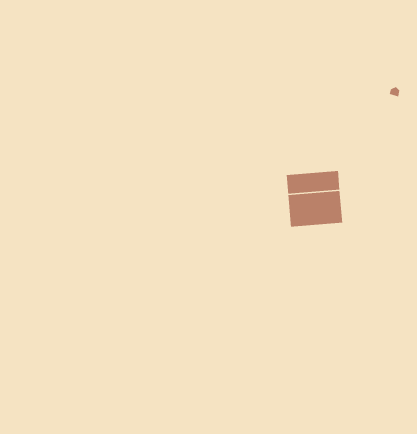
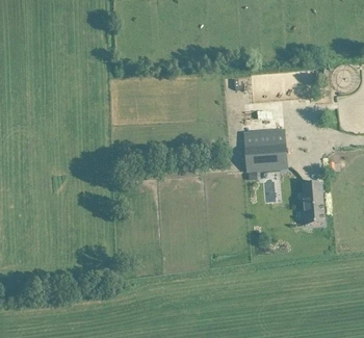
building: none -> [302,183,324,225]

